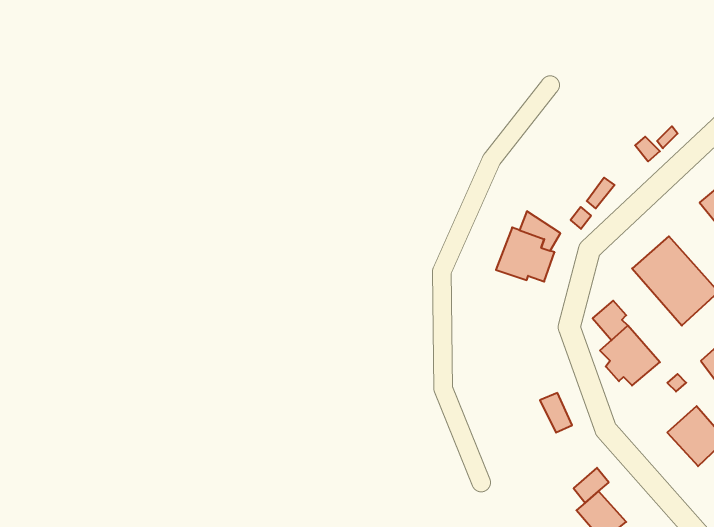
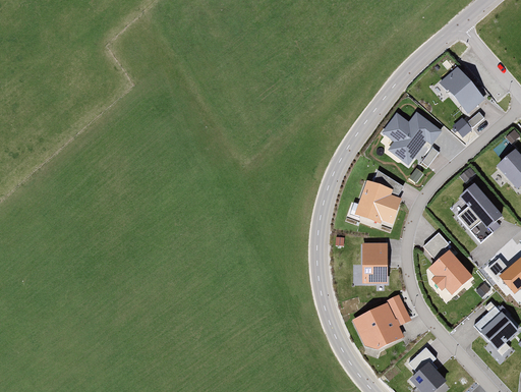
building: none -> [441,68,481,110]
building: none -> [385,114,440,161]
building: none -> [362,244,385,282]
building: none -> [353,305,399,346]

